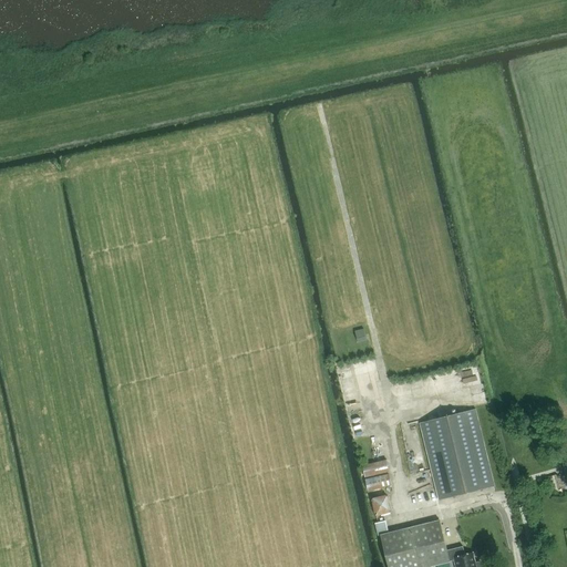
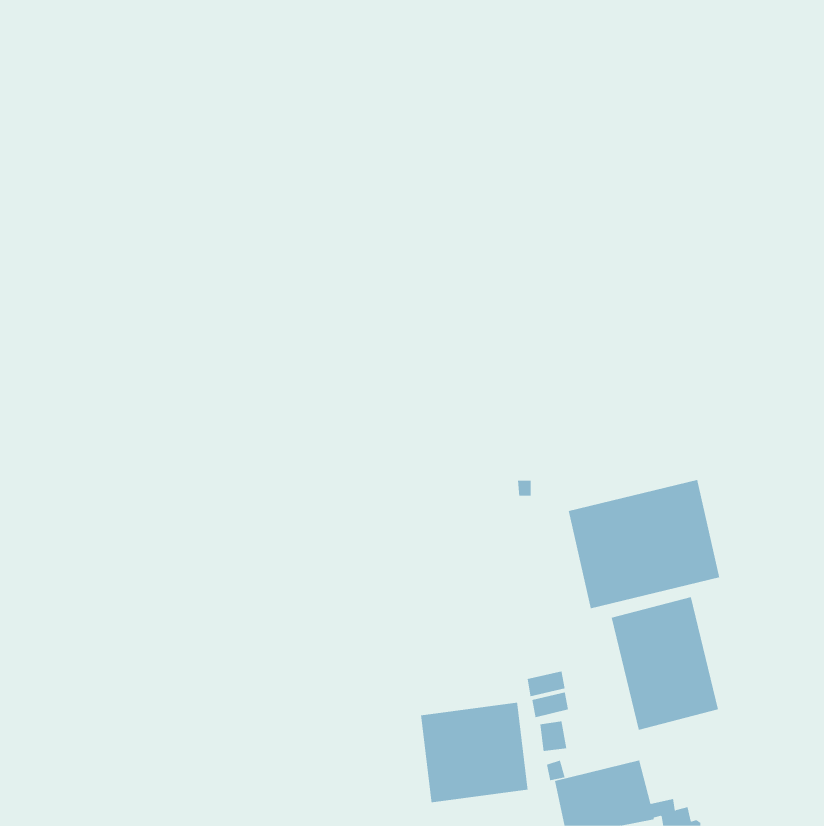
building: none -> [568,479,720,609]
building: none -> [420,702,528,803]

